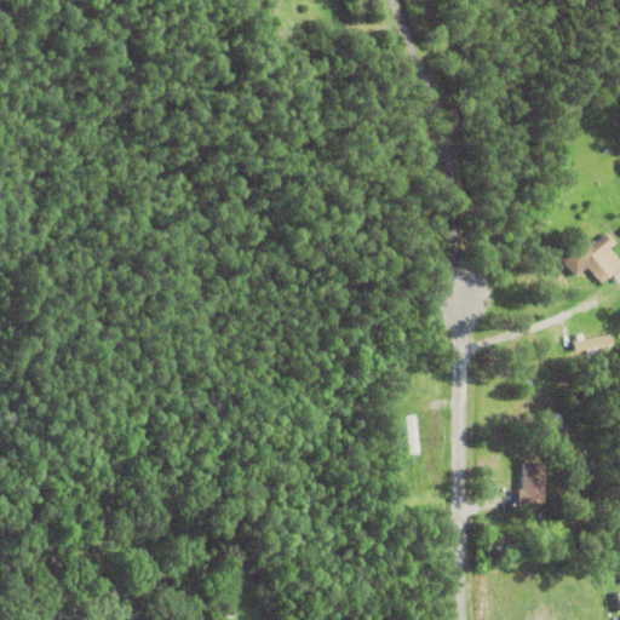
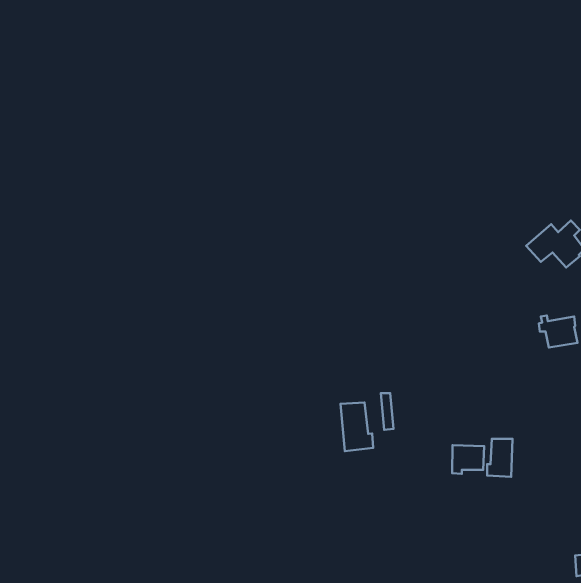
building: none -> [340,402,373,451]
building: none -> [452,445,484,474]

